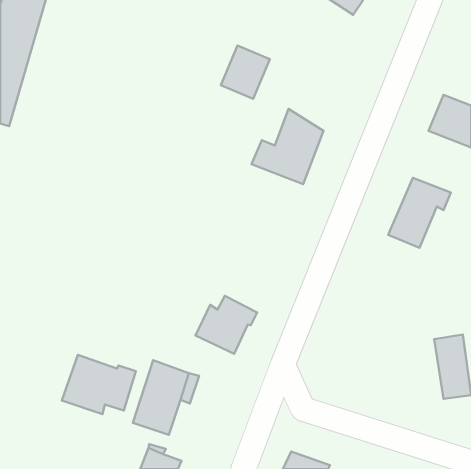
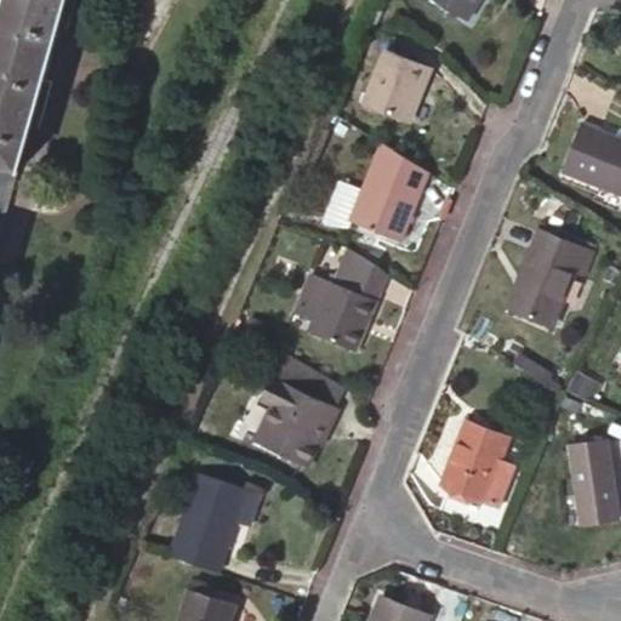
building: [221,45,270,99] -> [364,52,428,123]
building: none -> [294,247,387,351]
building: none -> [277,363,347,411]
building: none -> [445,426,513,506]
building: [62,355,136,414] -> none

